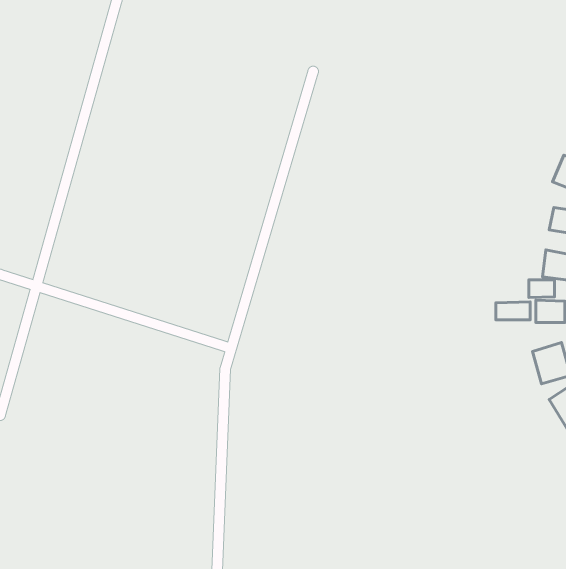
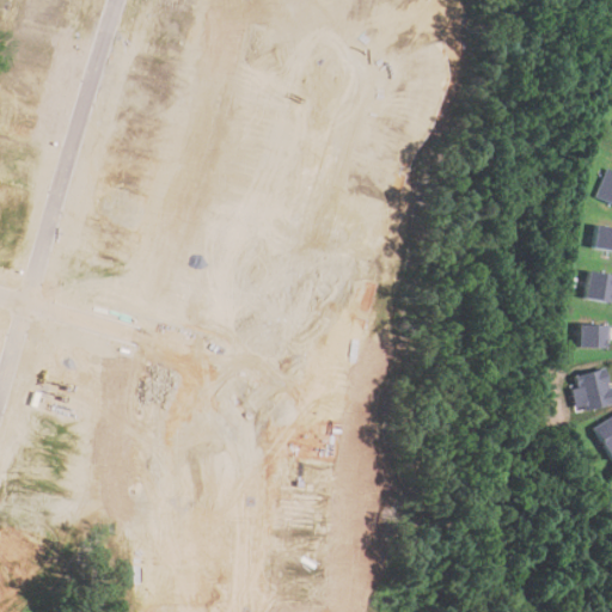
building: [529,280,554,298] -> none
building: [496,302,530,320] -> none

